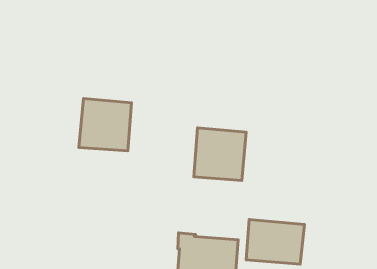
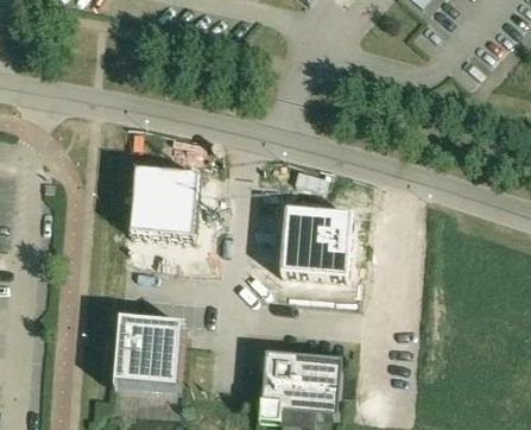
building: none -> [114,315,185,385]
building: [246,219,304,264] -> none

